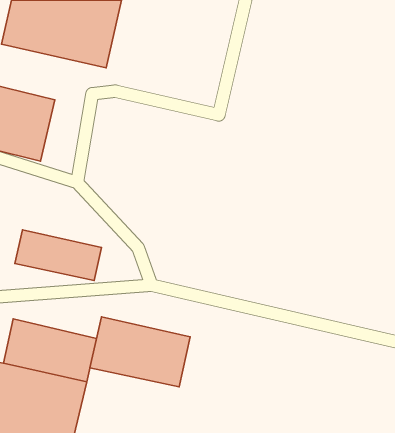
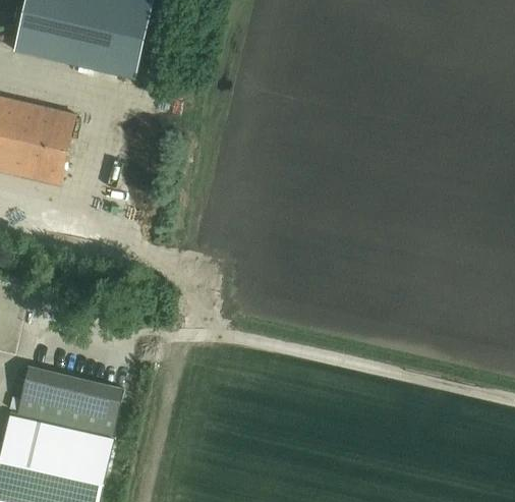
building: [15,230,101,281] -> none
building: [90,317,190,387] -> none

